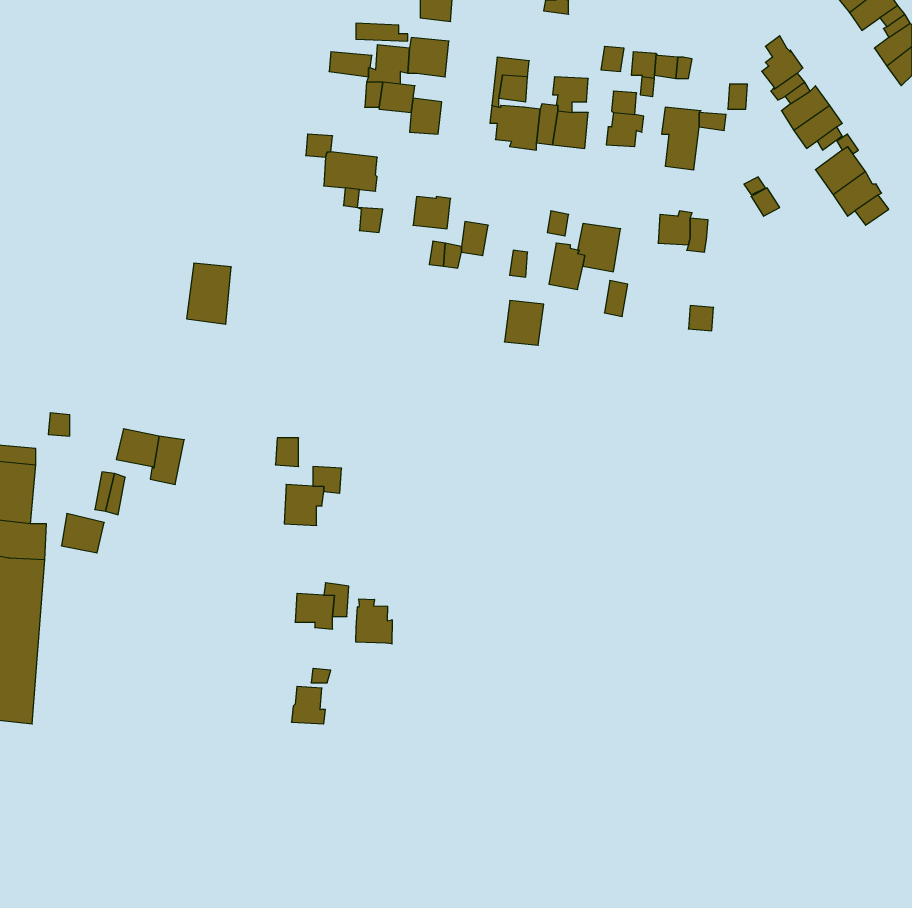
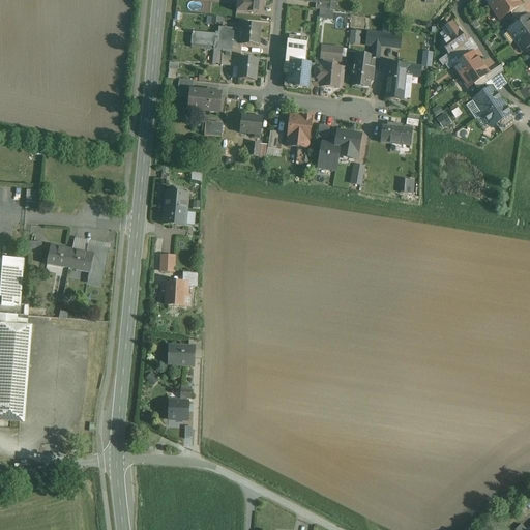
building: [187,263,231,324] -> [161,189,187,225]
building: [504,301,544,345] -> [287,114,310,140]
building: [61,514,104,553] -> [47,243,71,266]
building: [356,599,392,644] -> none

